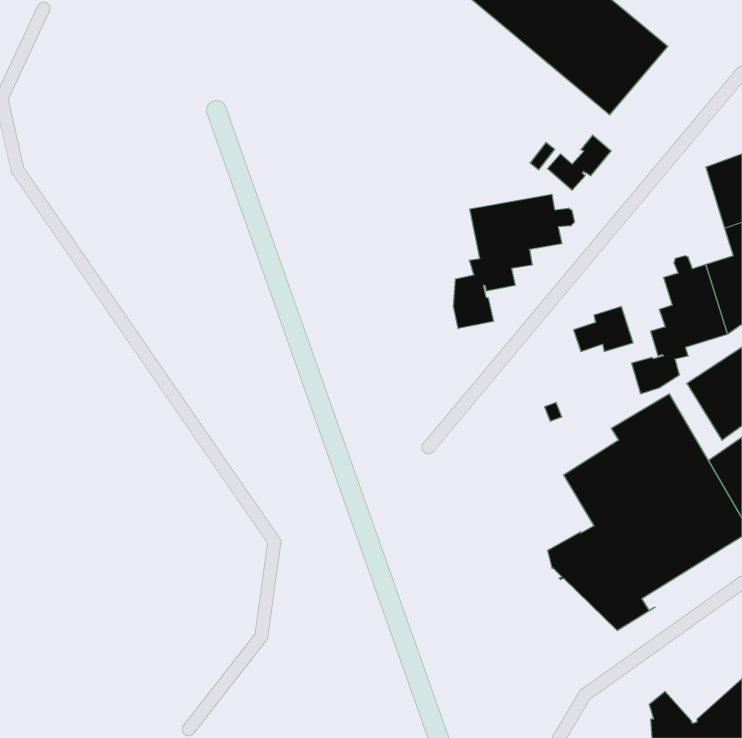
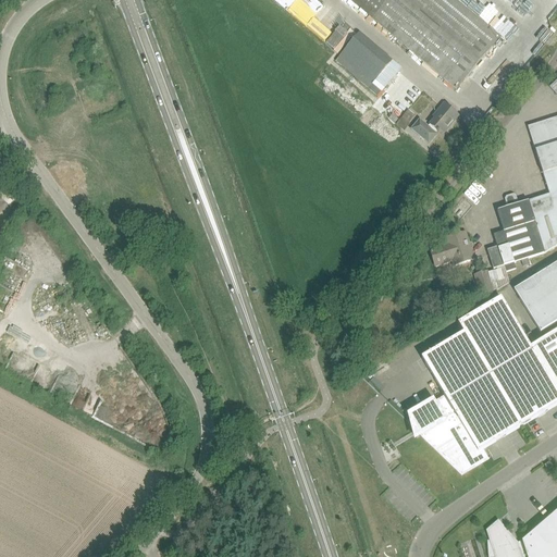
building: none -> [335,30,401,89]
building: [453,194,574,329] -> none

